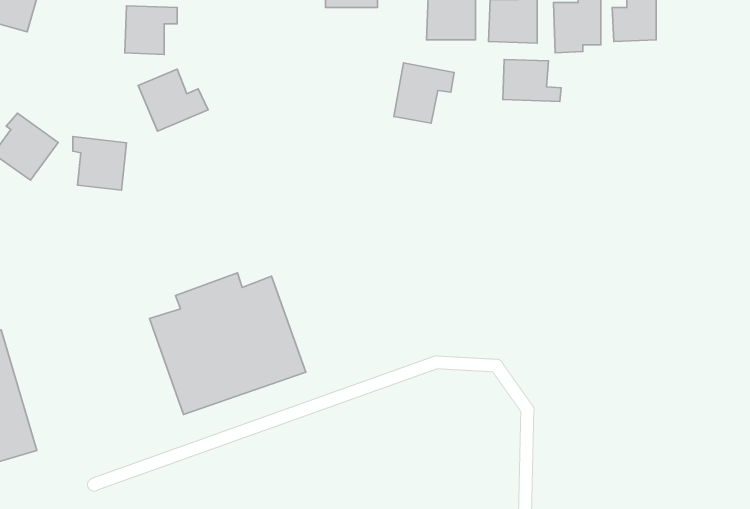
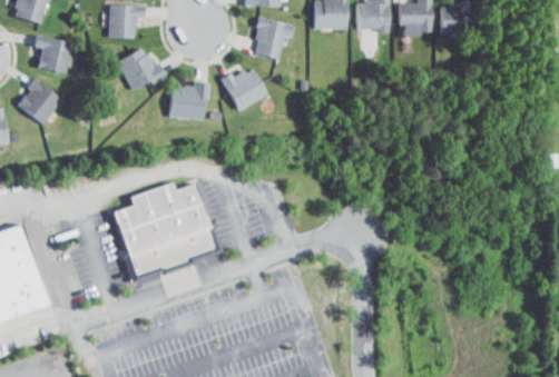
building: [503,59,561,102] -> none
building: [394,63,454,123] -> [251,17,292,58]
building: none -> [219,65,265,109]
building: none -> [168,81,208,119]
building: [73,136,126,190] -> [33,36,70,72]

